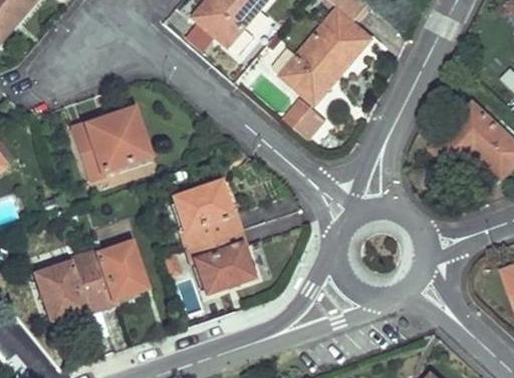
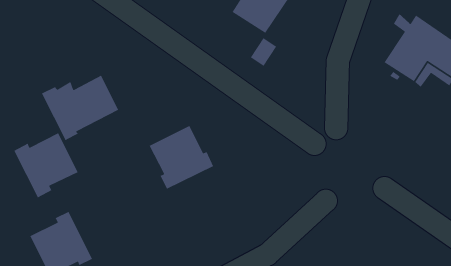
building: [187,230,253,293] -> none
building: [81,242,147,308] -> [13,132,79,199]

